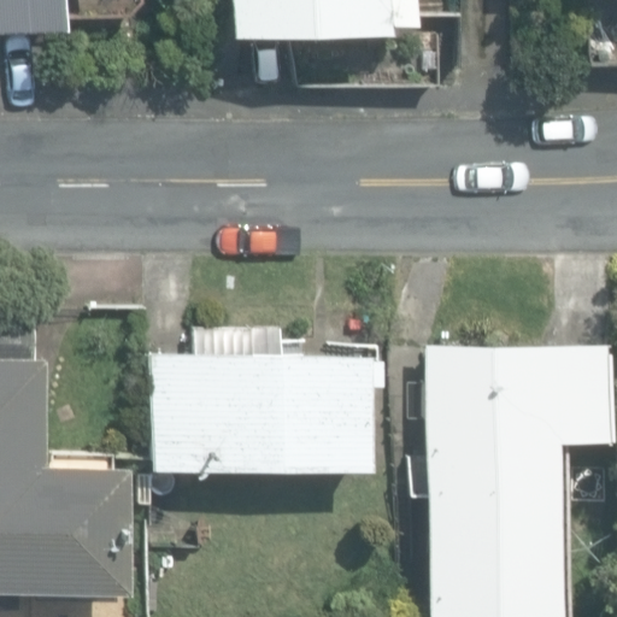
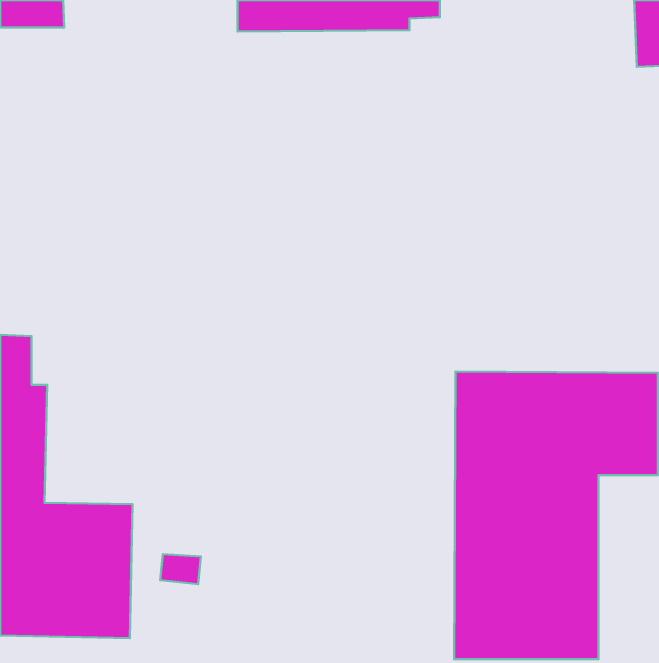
building: [155,333,372,469] -> none

